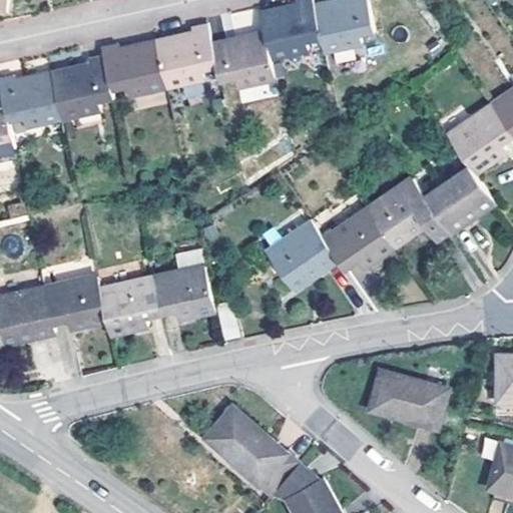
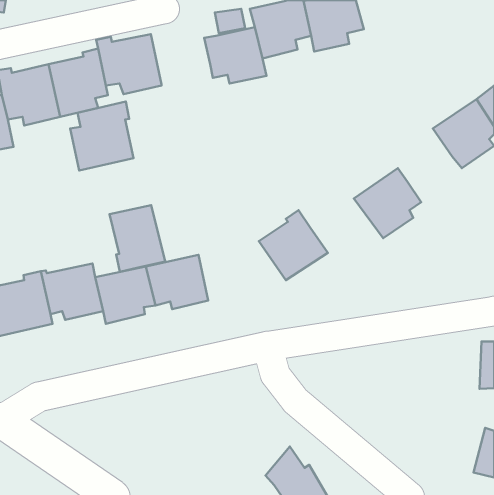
building: [155,22,216,89] -> none
building: none -> [70,101,134,170]
building: [420,163,496,234] -> none
building: [320,206,395,272] -> none
building: none -> [110,205,165,272]
building: [369,370,450,431] -> none
building: [202,407,299,496] -> none

